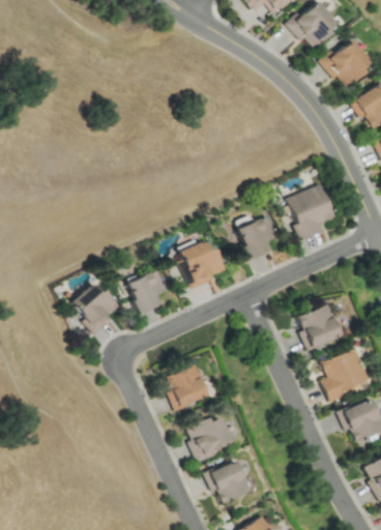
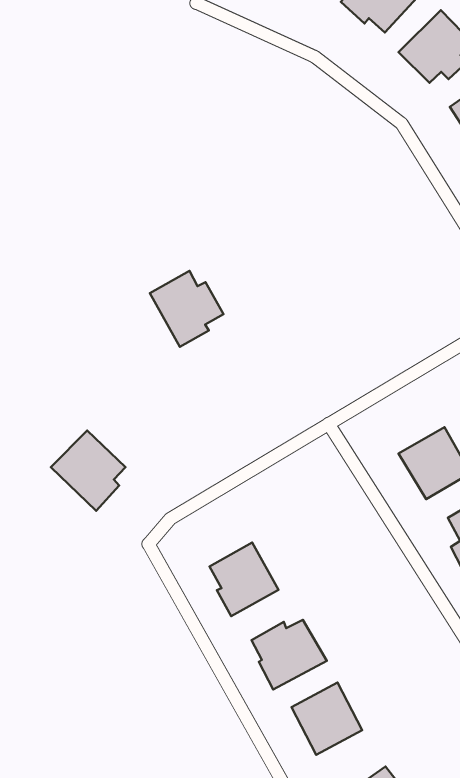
building: [288,184,335,239] -> none
building: [238,216,277,259] -> none
building: [180,240,226,288] -> [150,271,223,347]
building: [127,269,169,314] -> none

